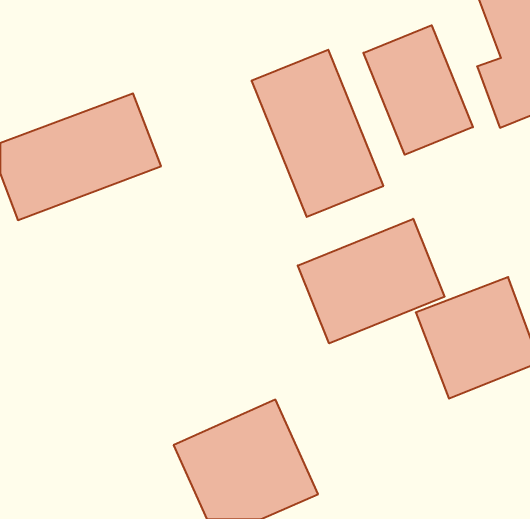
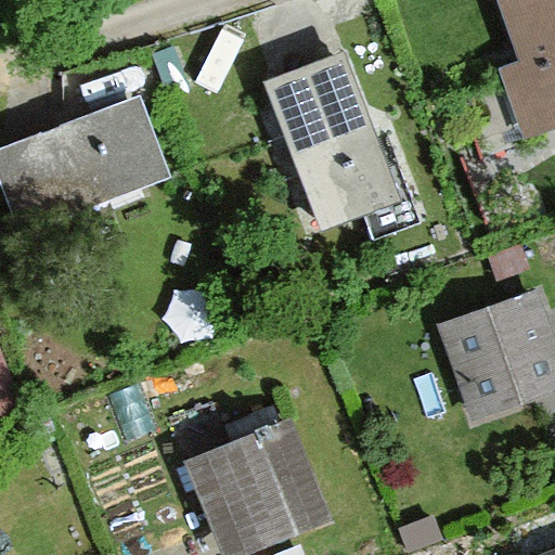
building: [363,25,473,155] -> none
building: [298,219,445,343] -> none

